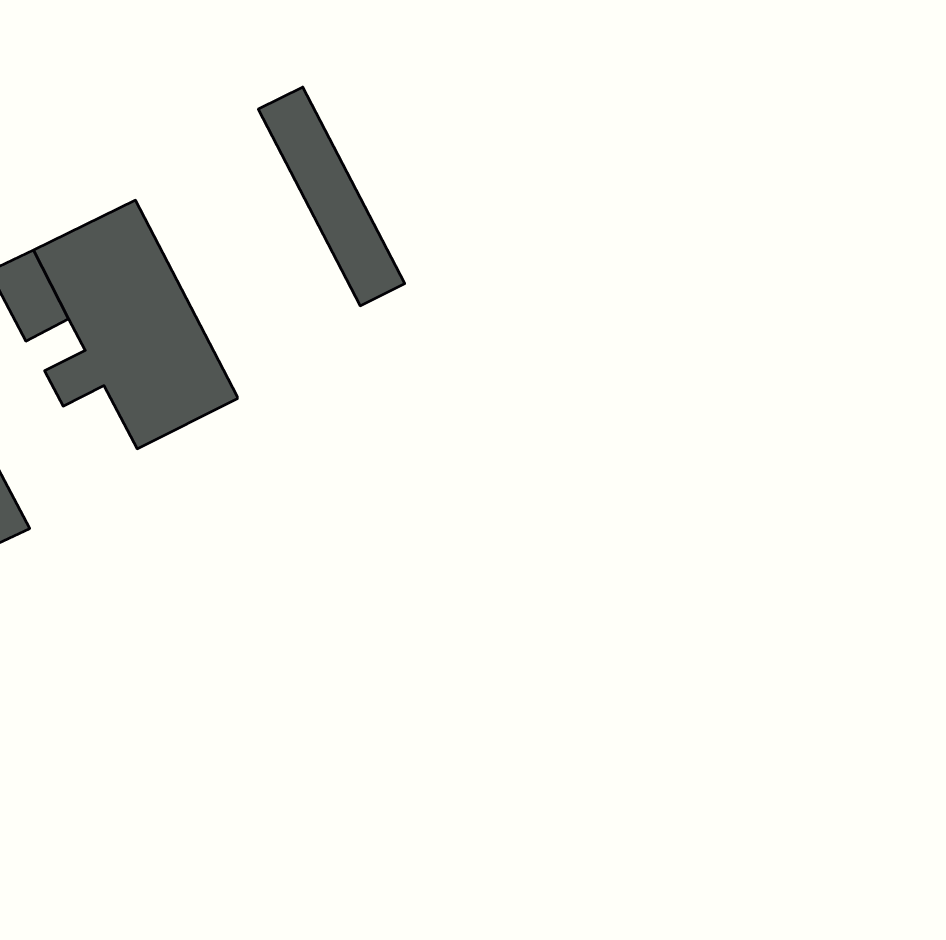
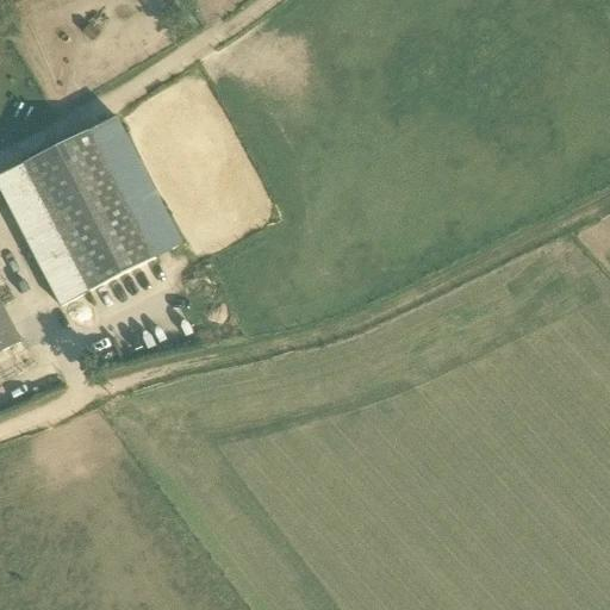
building: [258,87,405,306] -> [87,114,181,255]
building: none -> [17,205,88,303]

